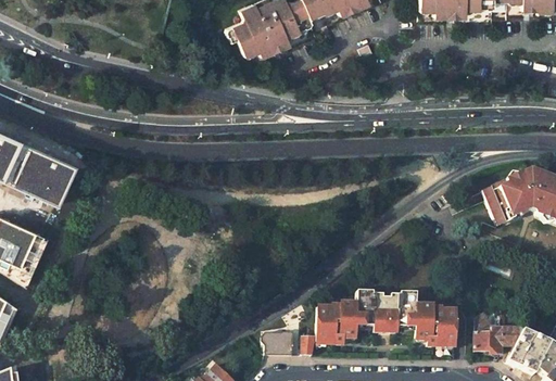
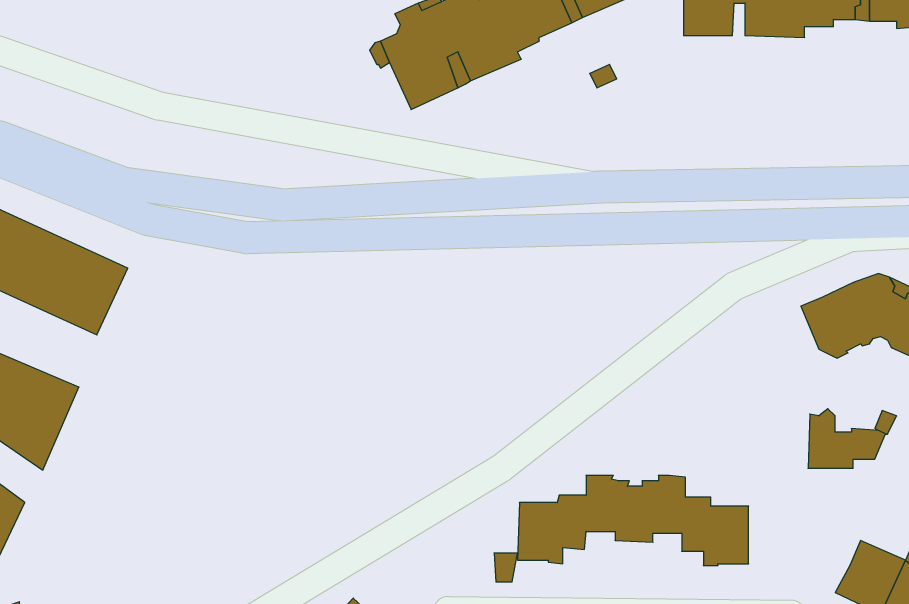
building: [475,314,521,350] -> [808,409,886,468]
building: [265,331,292,354] -> none

